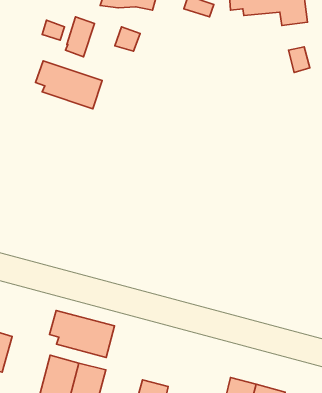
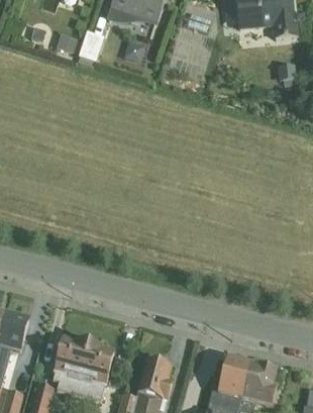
building: [35,61,102,109] -> none
building: [49,310,114,358] -> none

